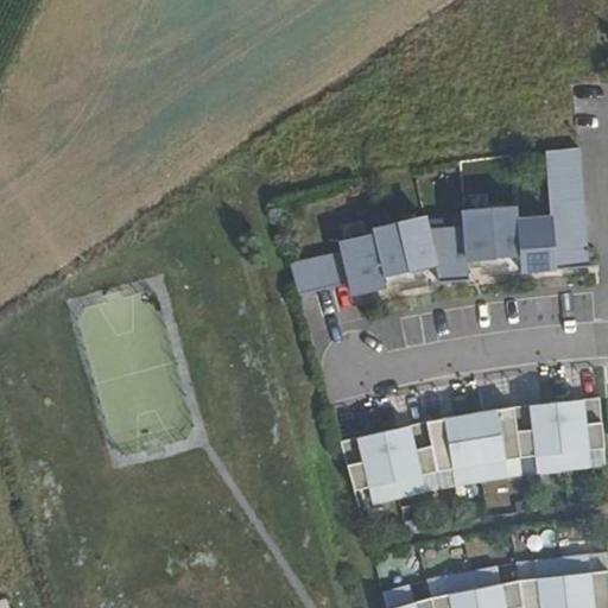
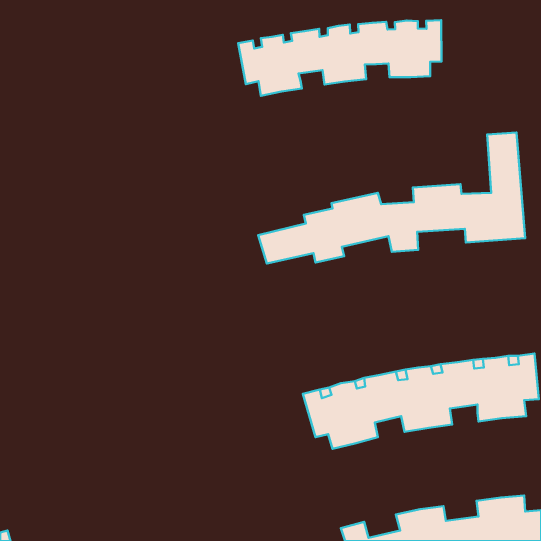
building: none -> [238,20,442,96]

